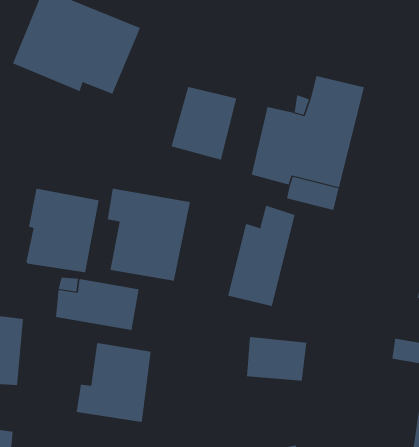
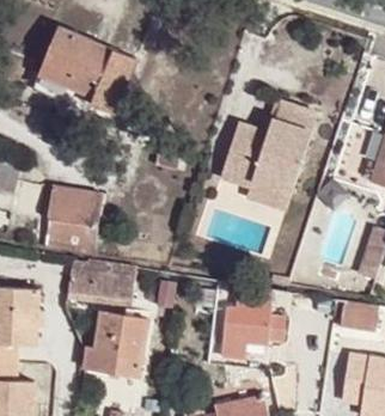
building: [171,86,237,161] -> none
building: [107,188,190,281] -> none
building: [228,205,295,307] -> none

